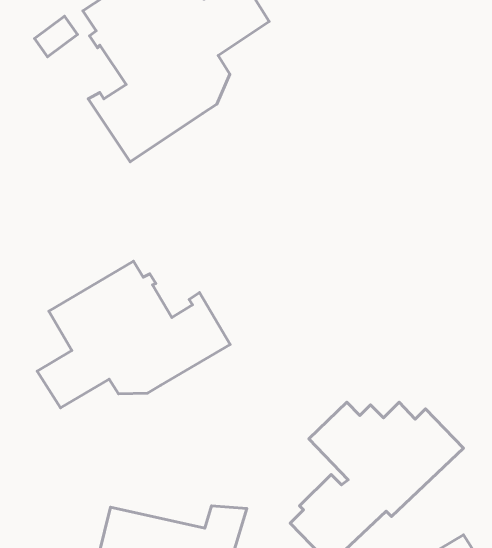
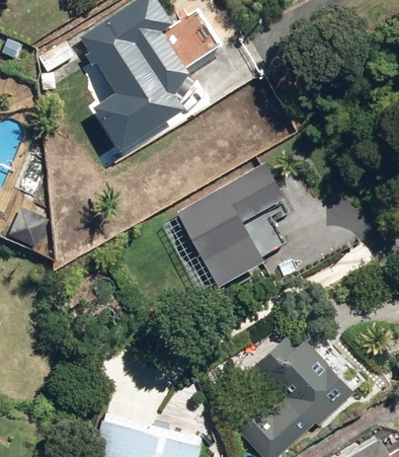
building: none -> [172,164,287,291]
building: [37,261,230,408] -> none

